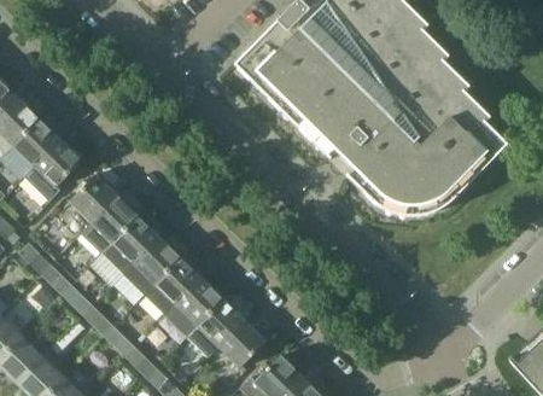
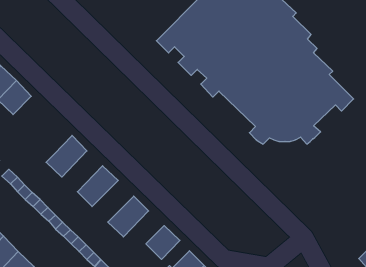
building: [25,140,82,200] -> none
building: [70,170,117,221] -> none
building: [103,216,159,273] -> none
building: [145,257,203,315] -> none
building: [188,299,245,356] -> none

